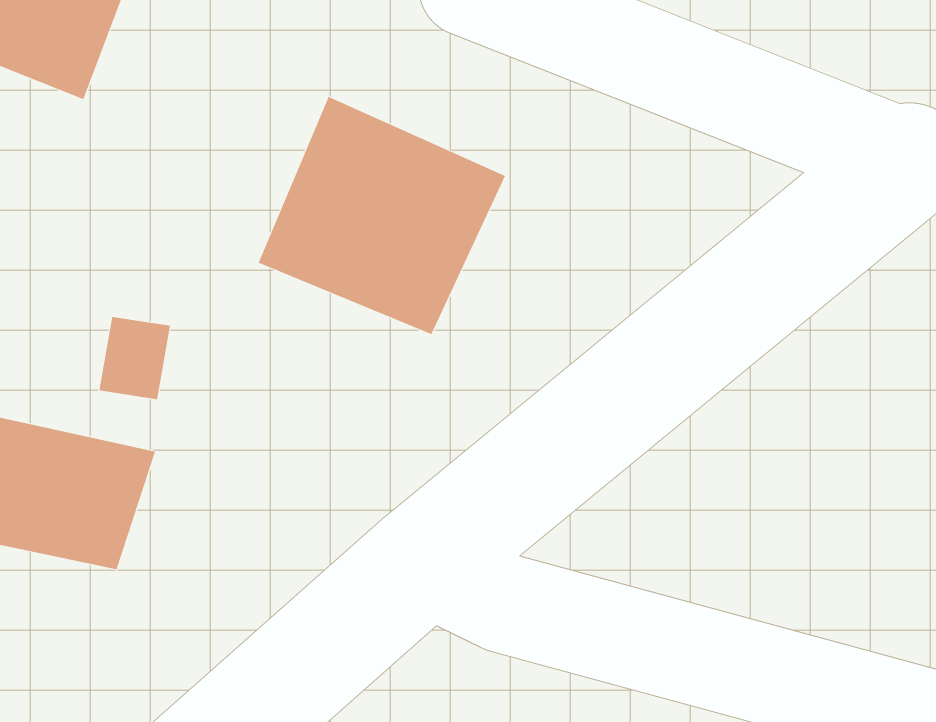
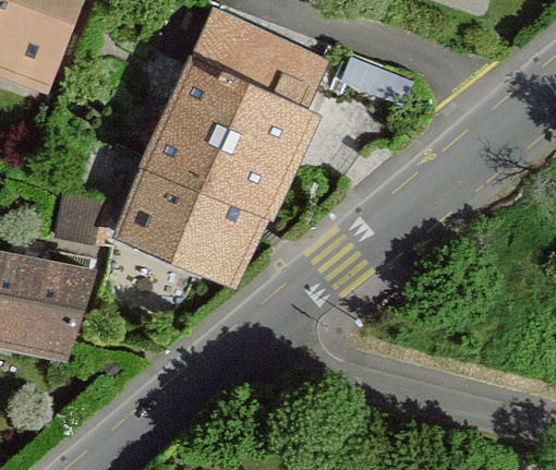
building: none -> [196,25,318,111]
building: none -> [124,162,257,279]

